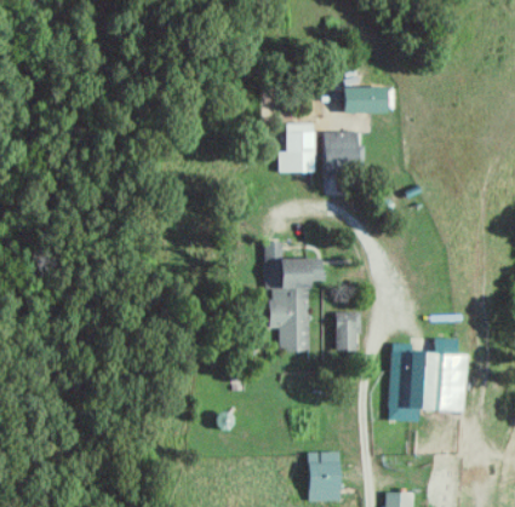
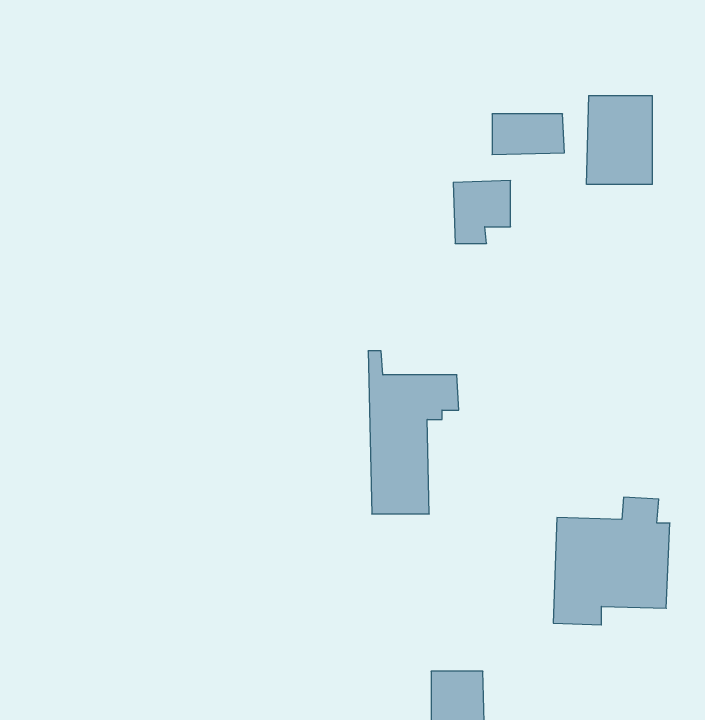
building: none -> [587,96,652,184]
building: [279,123,316,173] -> none
building: [337,313,357,350] -> none

